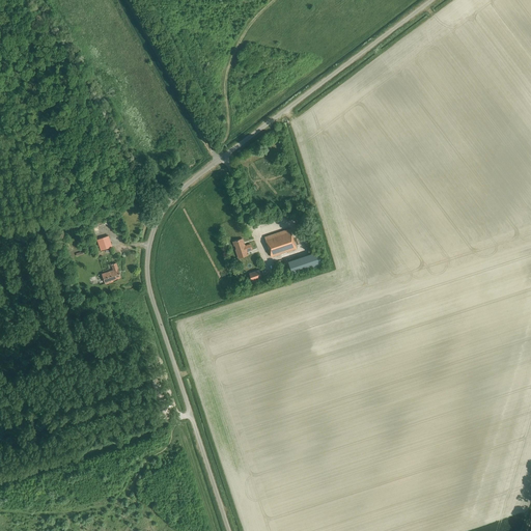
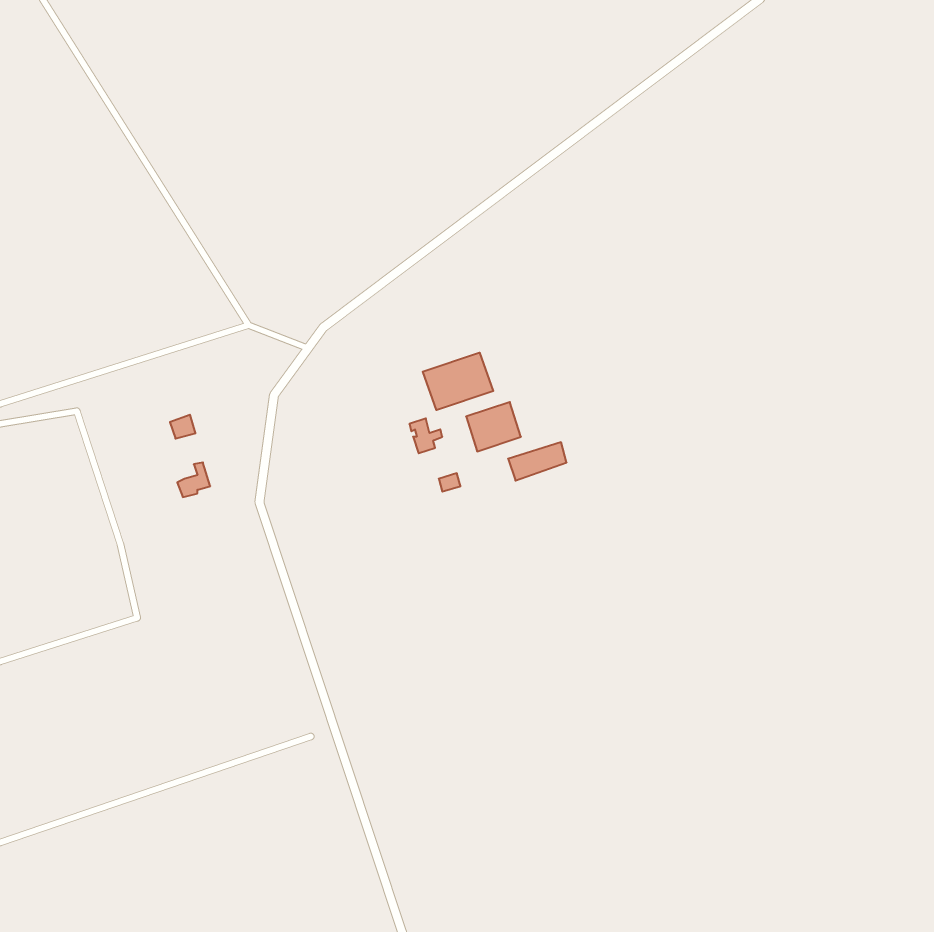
building: none -> [423,353,493,410]

